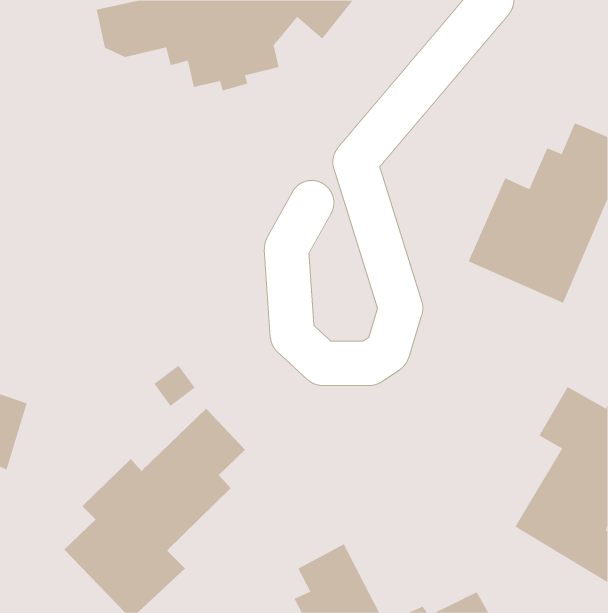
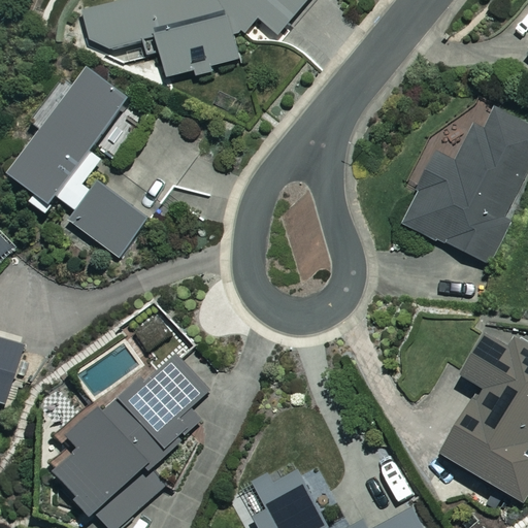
building: none -> [10,65,153,258]

